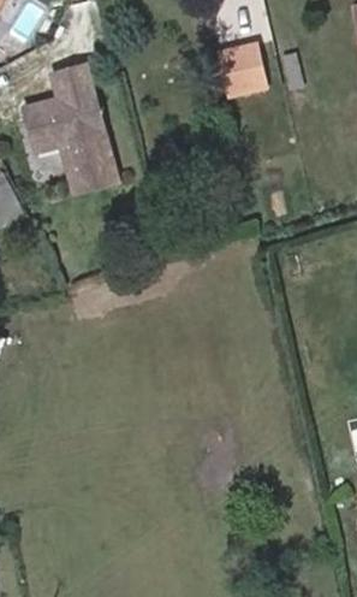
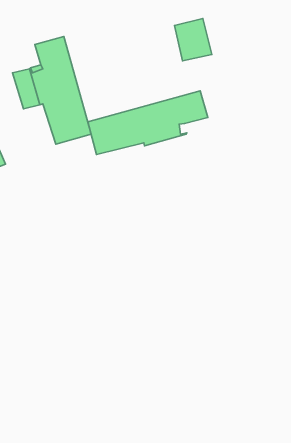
building: none -> [88,91,208,154]

